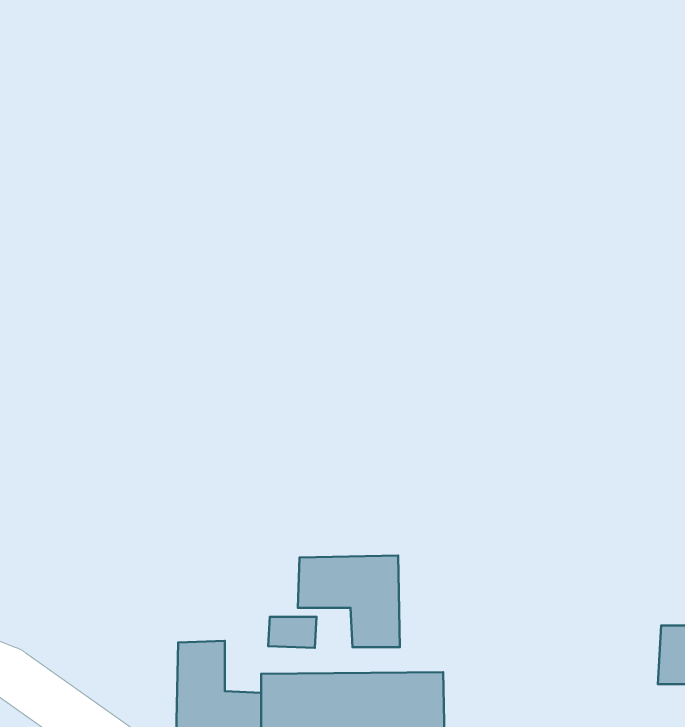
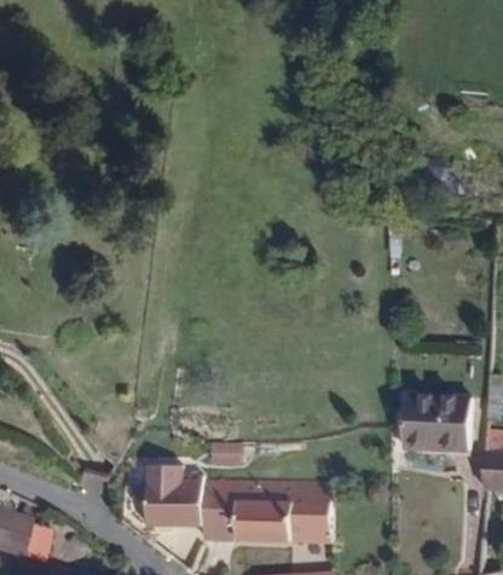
building: none -> [400,393,470,453]
building: [298,556,400,647] -> none

